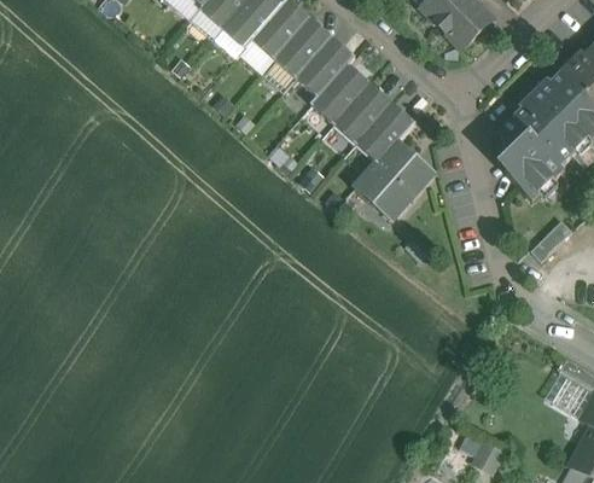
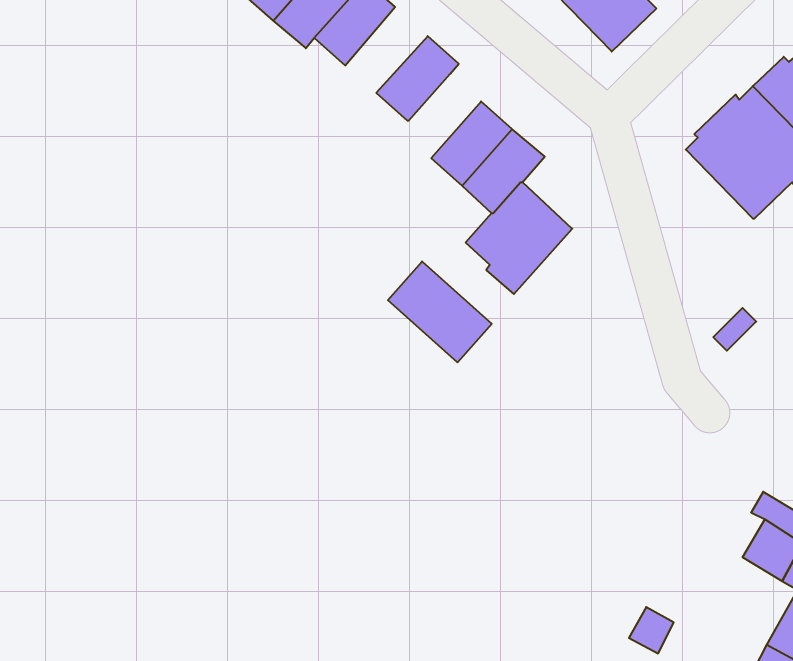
building: [274,17,332,77] -> none
building: [311,64,369,123] -> none
building: [500,117,565,200] -> none
building: none -> [388,261,492,362]

